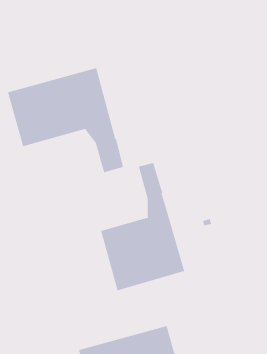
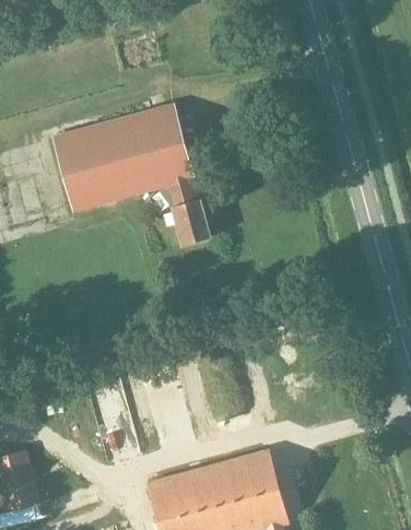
building: [100,162,185,291] -> none

